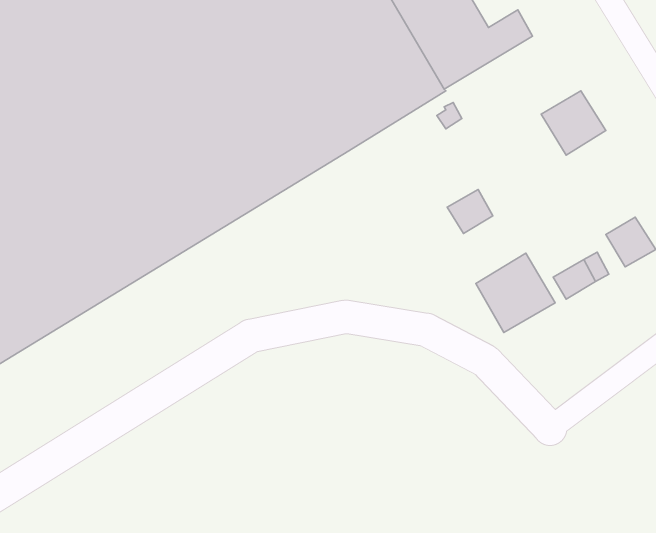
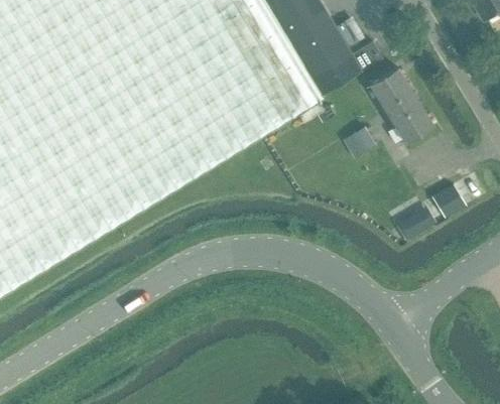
building: none -> [370,68,414,113]
building: [447,189,493,234] -> [342,128,373,158]
building: [476,253,555,332] -> none

